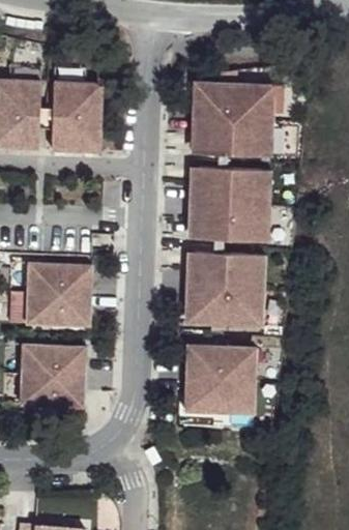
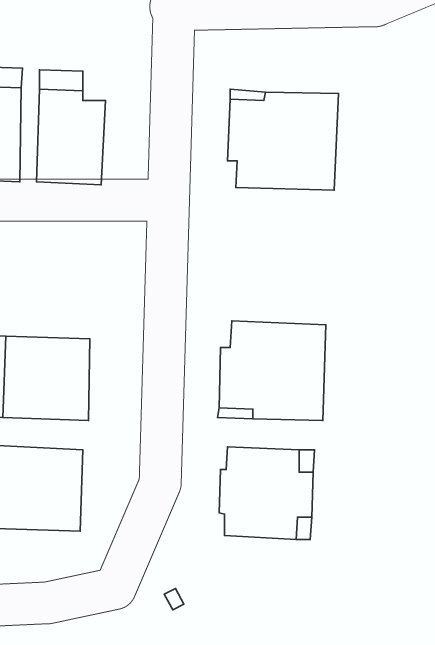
building: [188,169,270,241] -> none

